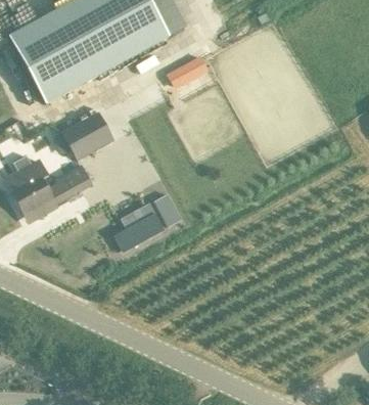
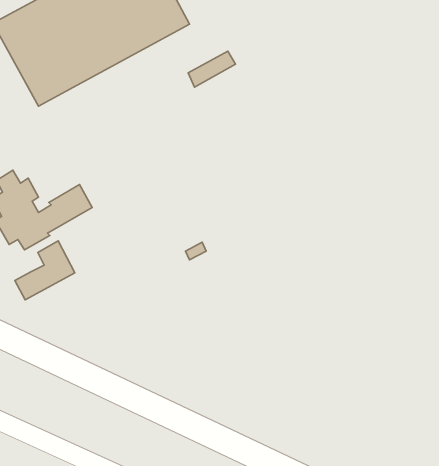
building: [62,114,113,160] -> none
building: [114,204,163,251] -> [15,241,75,300]

